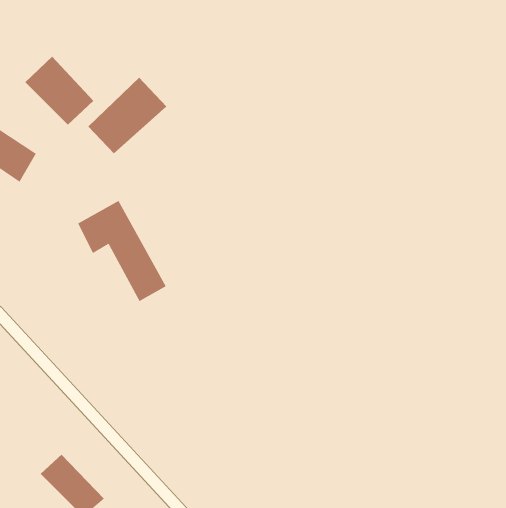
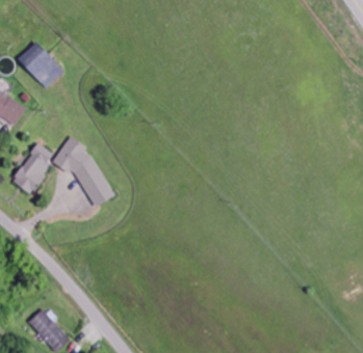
building: [87,77,167,154] -> none
building: none -> [10,142,56,193]

